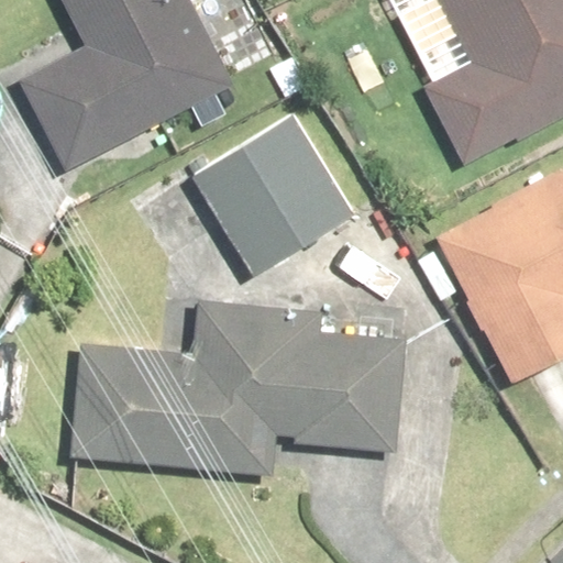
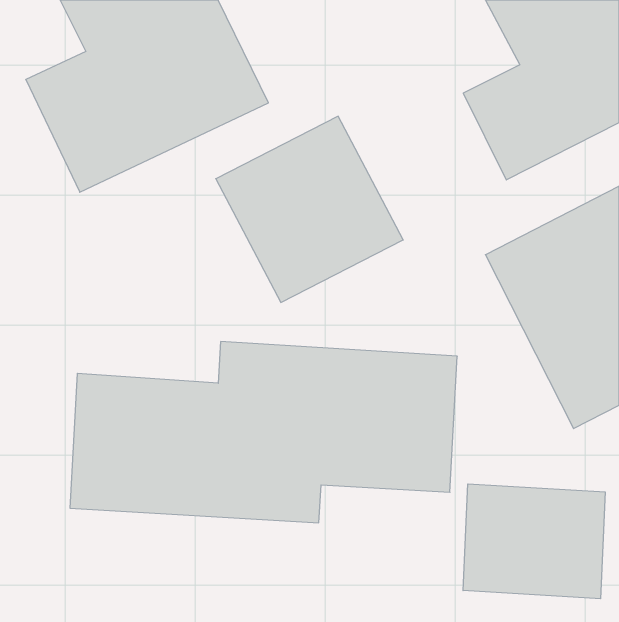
building: none -> [463,484,605,599]

